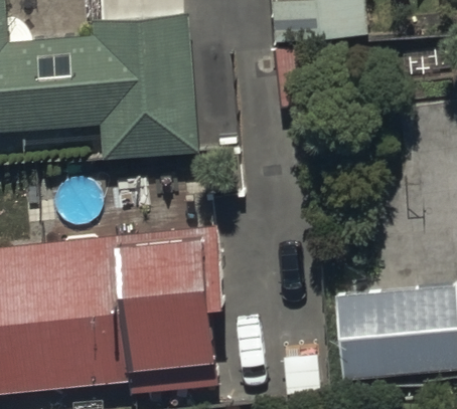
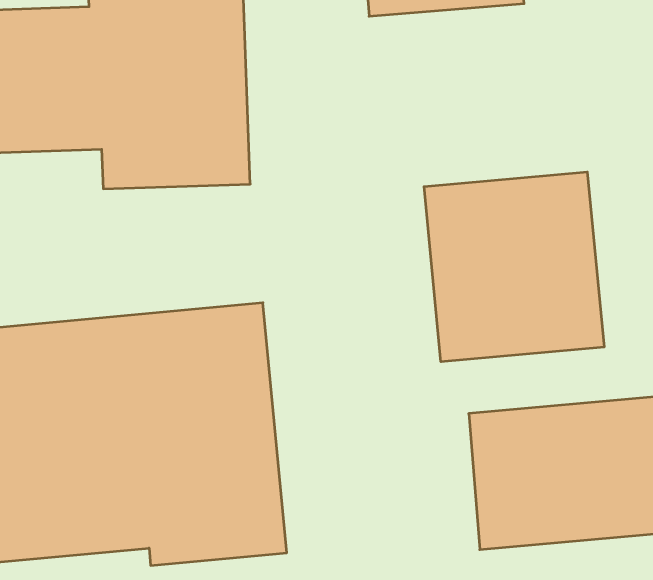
building: none -> [424,172,604,362]

